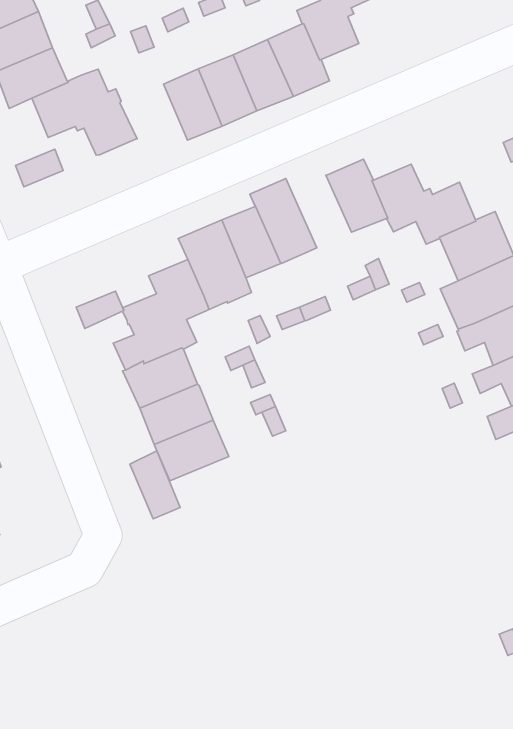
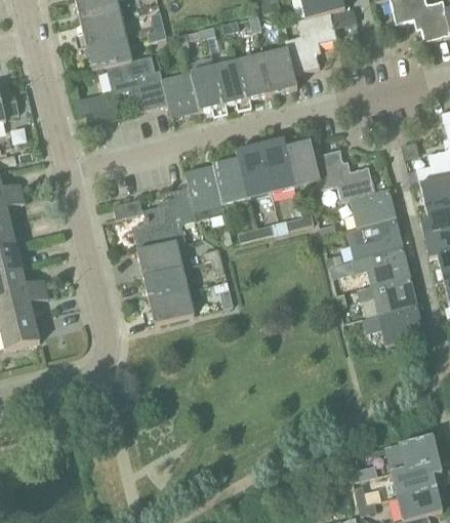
building: none -> [162,71,201,116]
building: none -> [259,137,295,191]
building: [130,451,180,519] -> none

